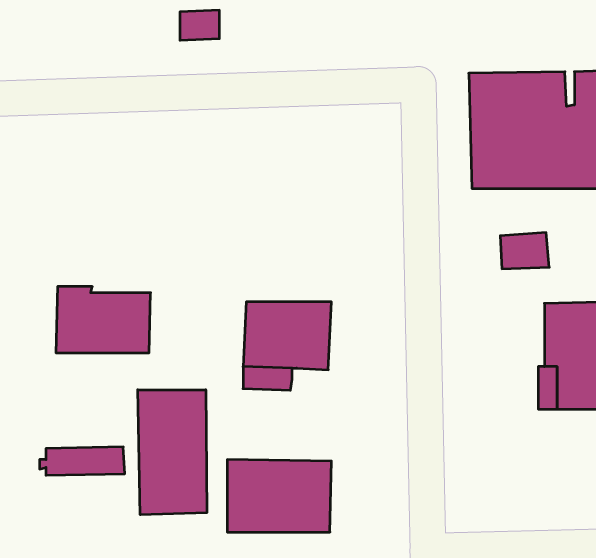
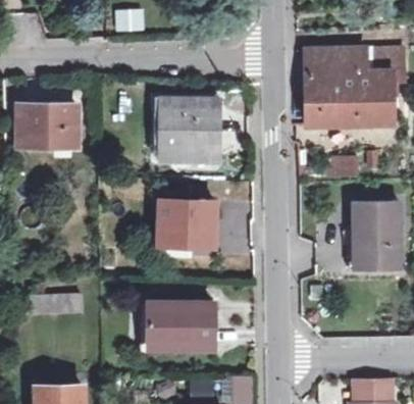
building: none -> [160,98,215,156]
building: [56,287,151,353] -> [16,103,77,146]
building: [138,390,207,515] -> none

